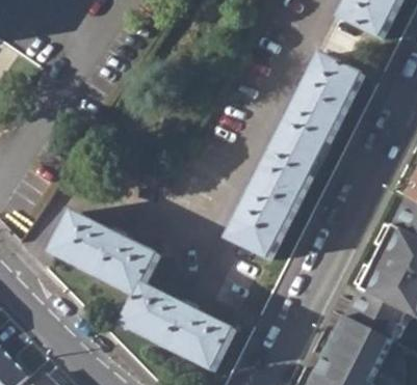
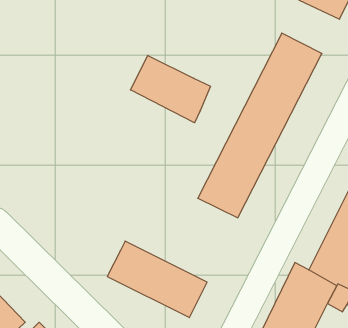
building: none -> [130,55,211,123]
building: [51,212,158,295] -> none

